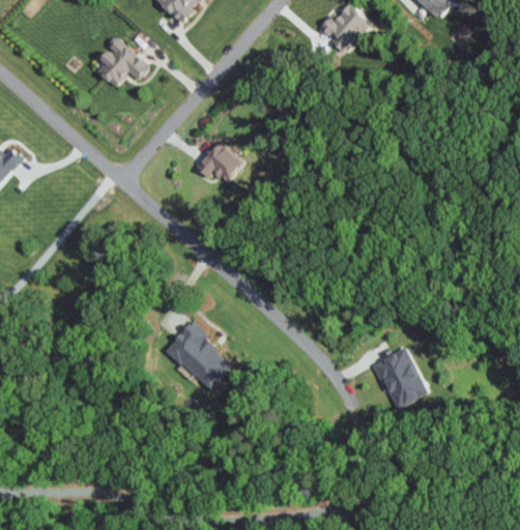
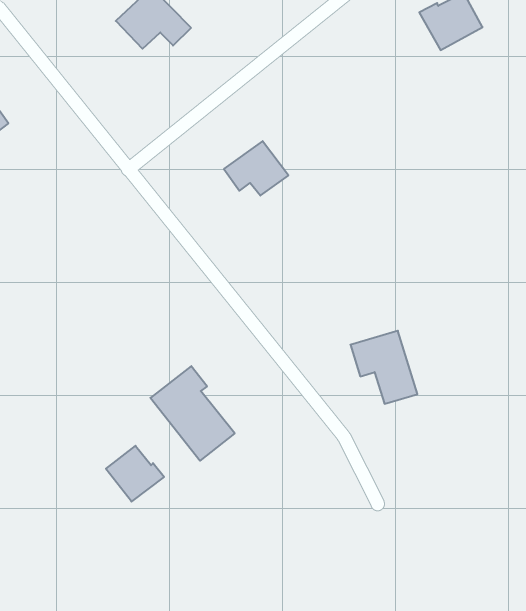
building: [372,348,429,405] -> [350,331,417,404]
building: none -> [106,446,164,502]

